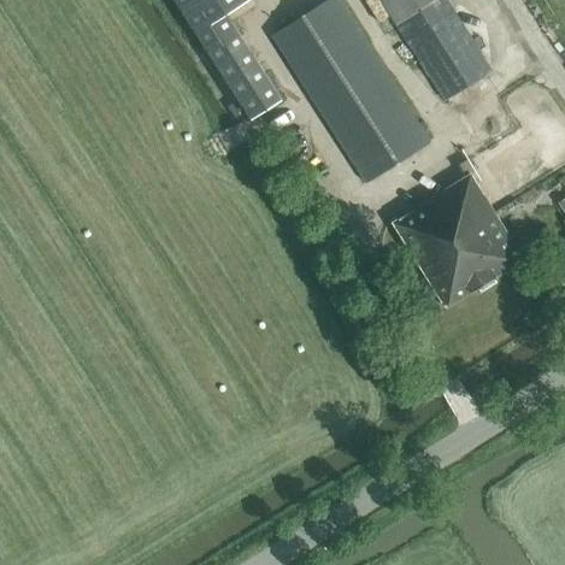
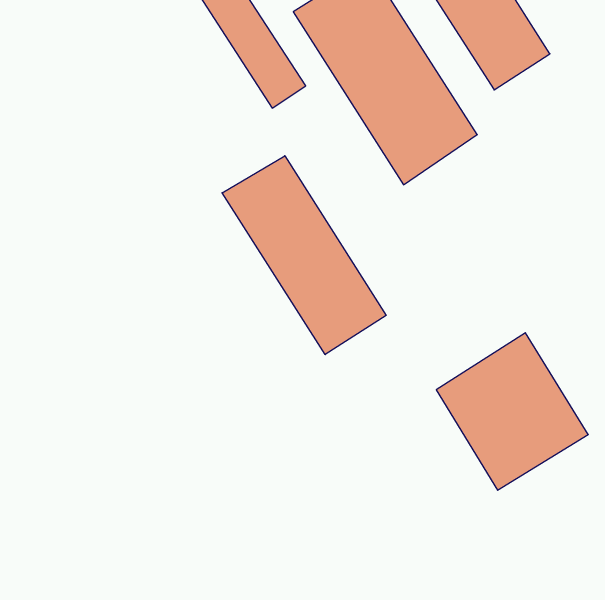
building: none -> [222,156,386,355]
building: [393,172,524,308] -> [436,333,588,490]

